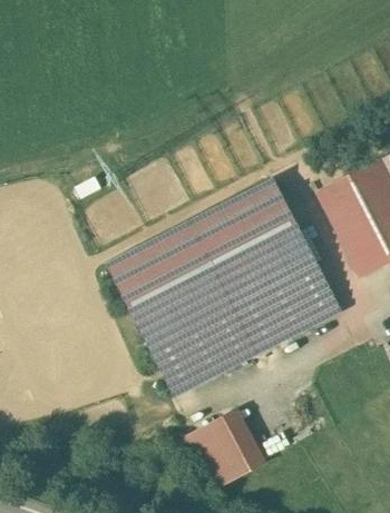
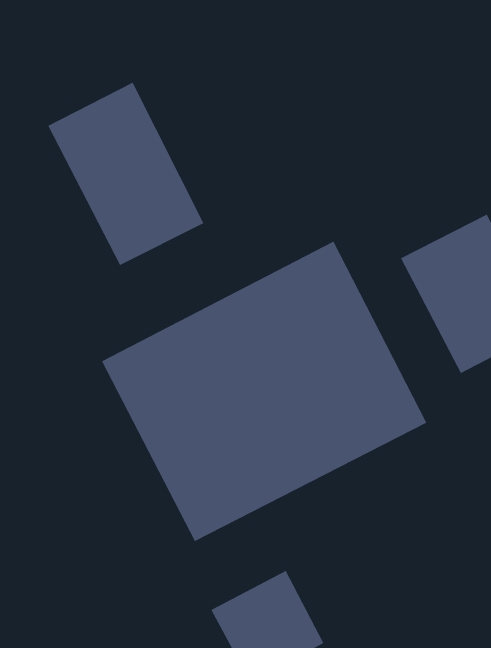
building: none -> [48,82,204,266]

